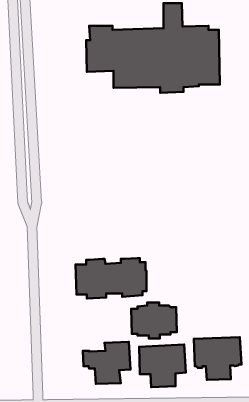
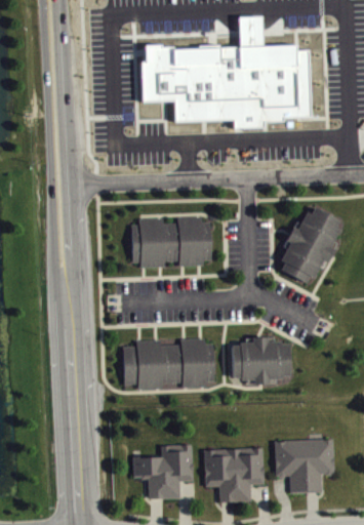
building: none -> [281,207,340,282]
building: none -> [131,217,212,267]
building: [131,302,177,339] -> [233,337,291,383]

